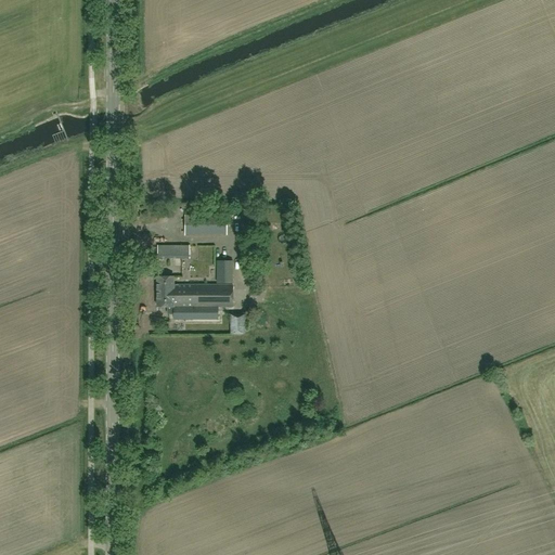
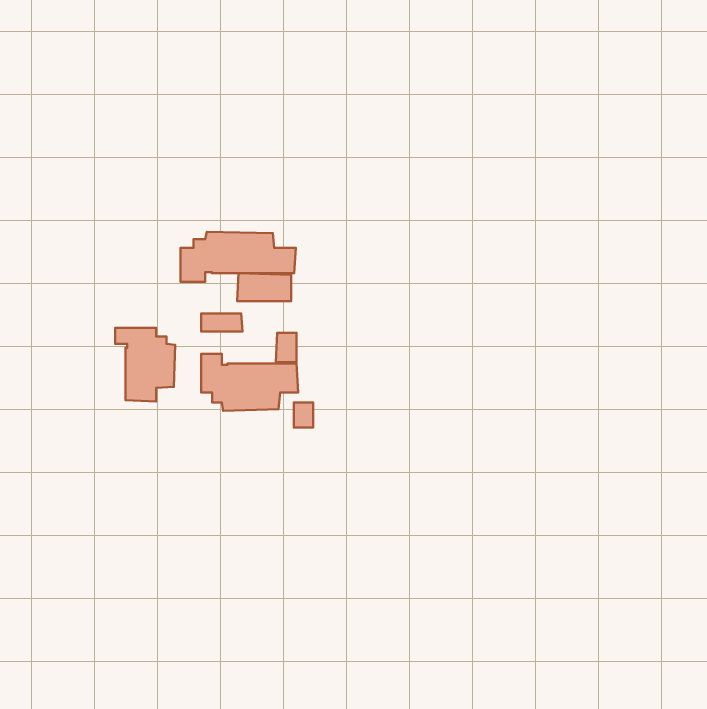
building: none -> [180,232,296,282]
building: none -> [115,328,175,401]

